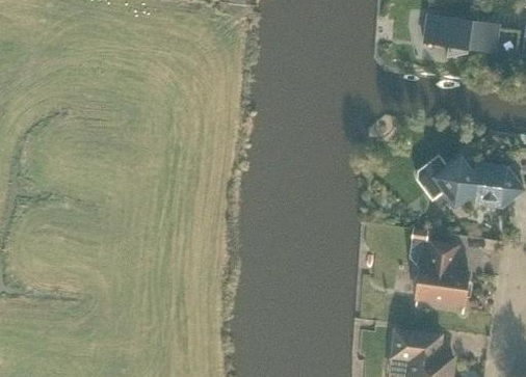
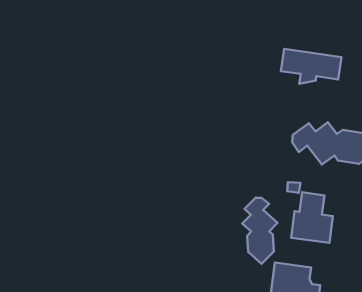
building: [424,15,500,58] -> [281,49,341,84]
building: none -> [242,198,278,264]

